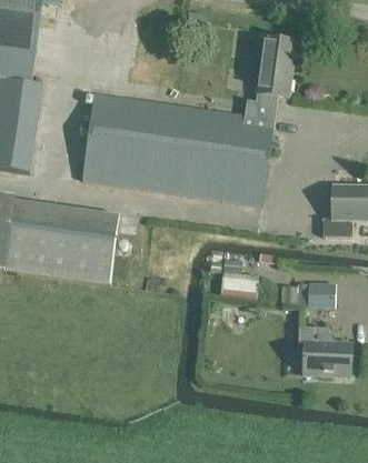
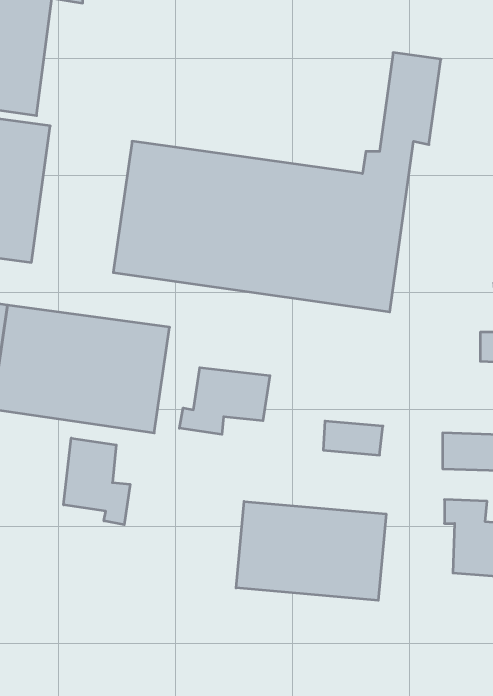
building: none -> [179,368,270,434]
building: none -> [64,438,130,525]
building: none -> [236,501,386,600]

